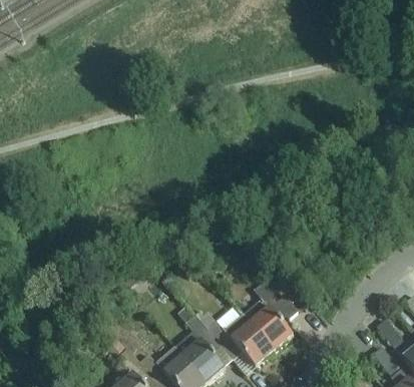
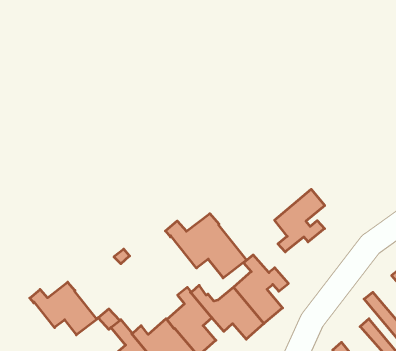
building: none -> [275,189,325,252]
building: none -> [165,214,246,278]
building: none -> [30,282,97,335]

